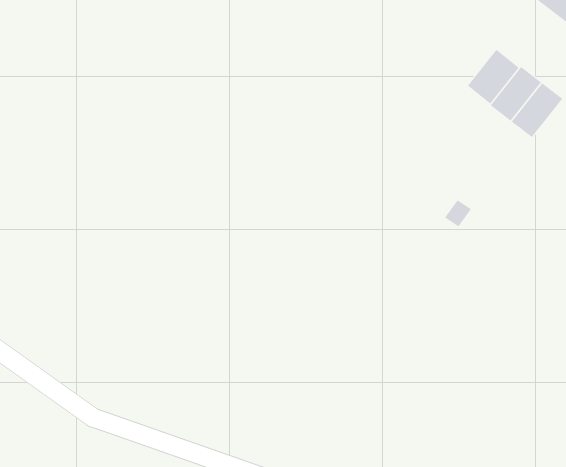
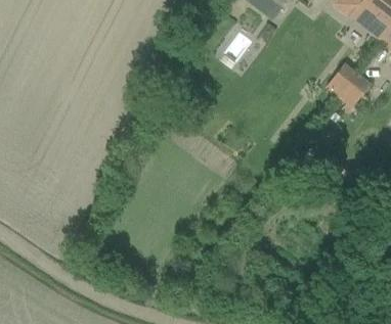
building: [467,49,520,105] -> none

